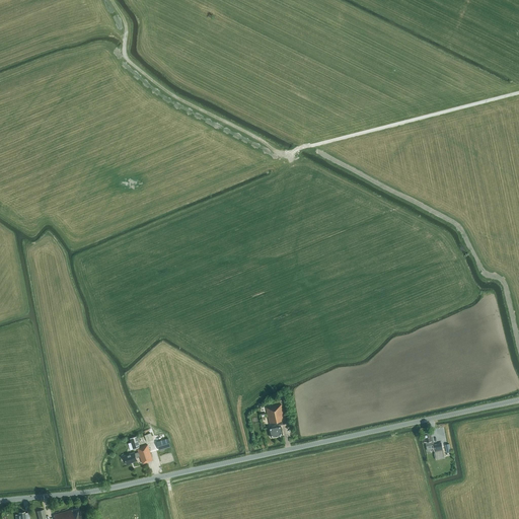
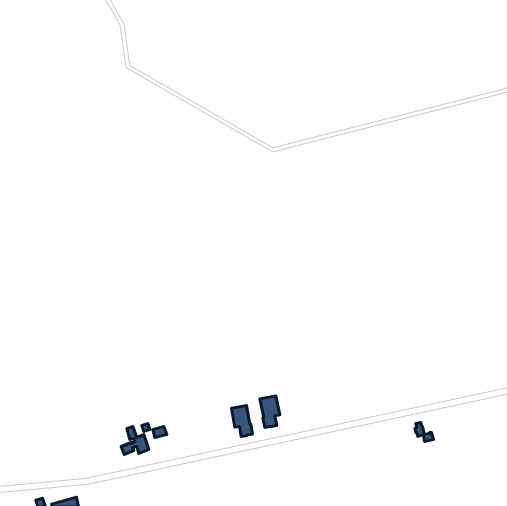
building: none -> [232,405,252,437]

